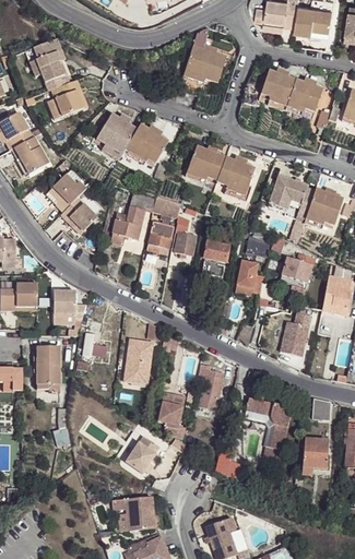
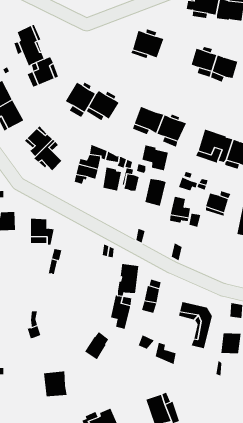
building: none -> [142,144,169,171]
building: [280,307,311,355] -> none
building: [125,340,153,382] -> [117,263,139,296]
building: [37,345,59,383] -> none
building: [122,496,154,530] -> [43,371,68,397]

